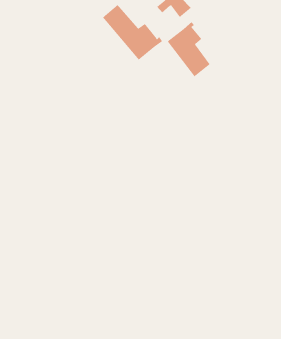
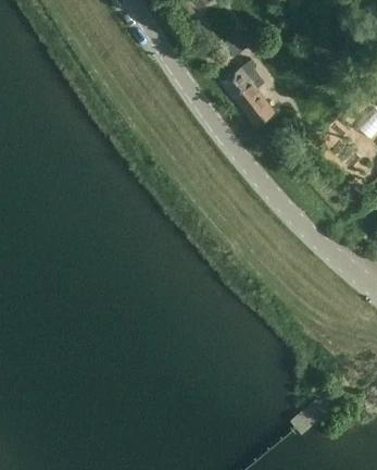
building: [102,4,163,60] -> none

